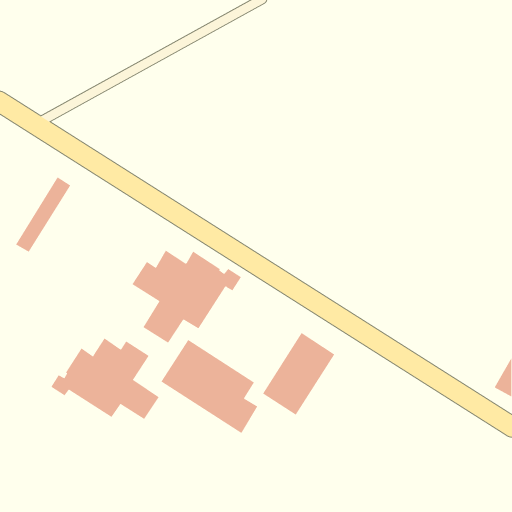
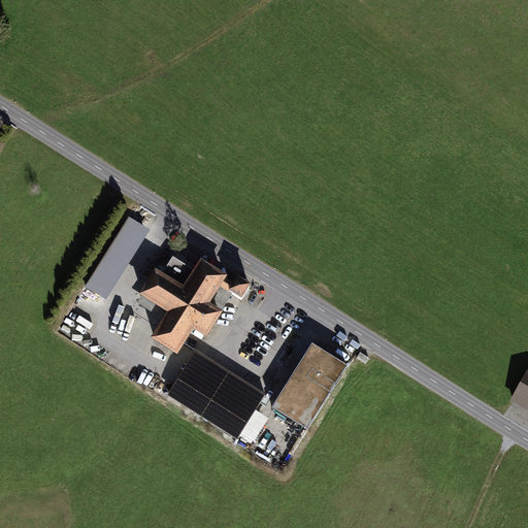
building: [15,176,71,253] -> [90,220,147,298]
building: [50,337,160,420] -> none

